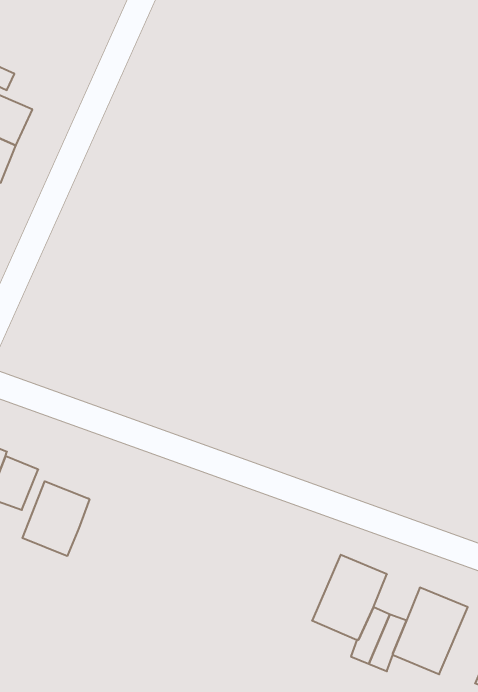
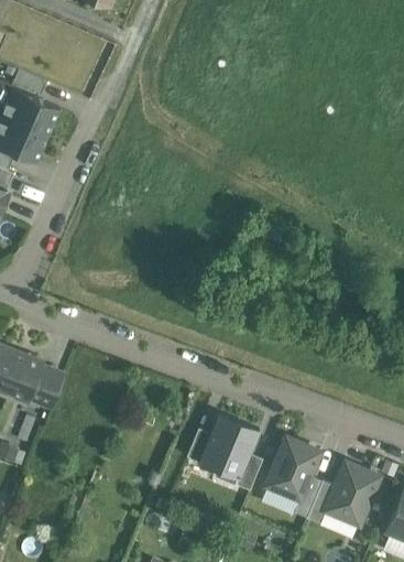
building: [22,481,89,556] -> none
building: none -> [186,413,262,490]

